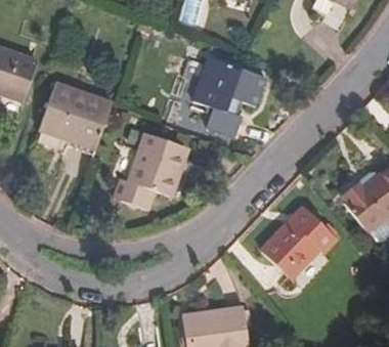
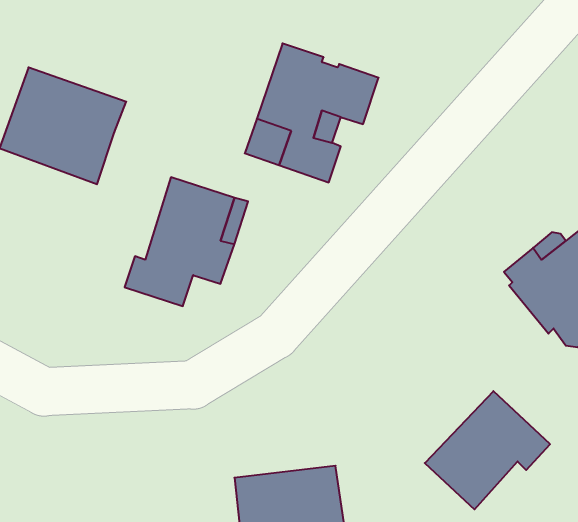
building: [259,204,334,274] -> [425,391,550,509]

